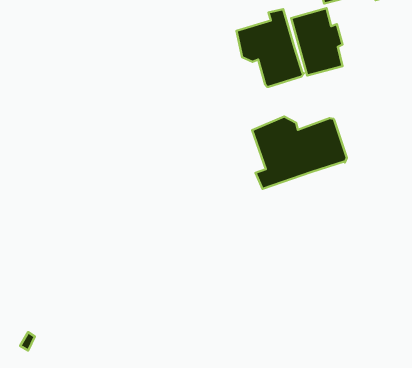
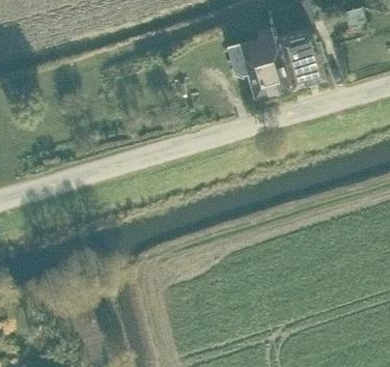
building: [252,117,347,189] -> none

